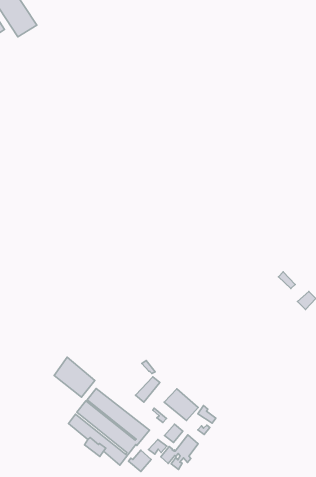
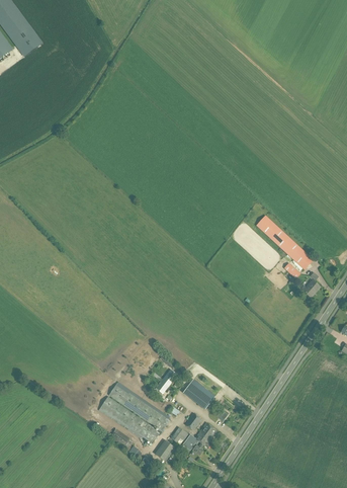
building: none -> [255,214,314,269]
building: [54,357,95,397] -> none

